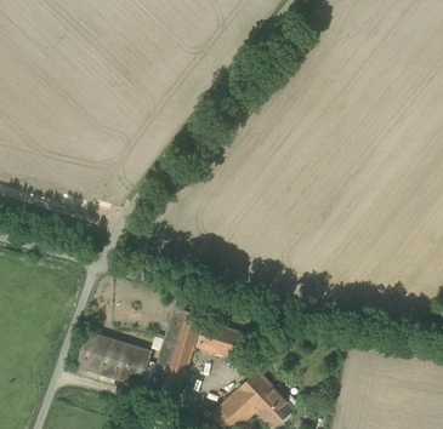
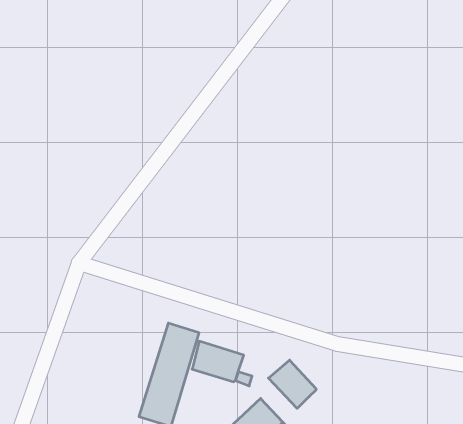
building: [76,331,150,385] -> none
building: none -> [268,360,316,408]

